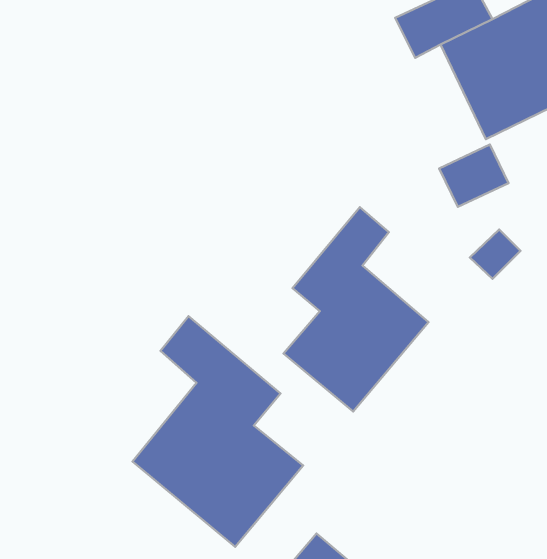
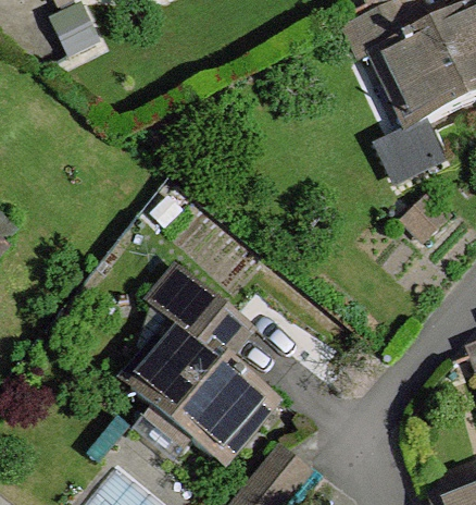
building: [283,207,429,412] -> none

